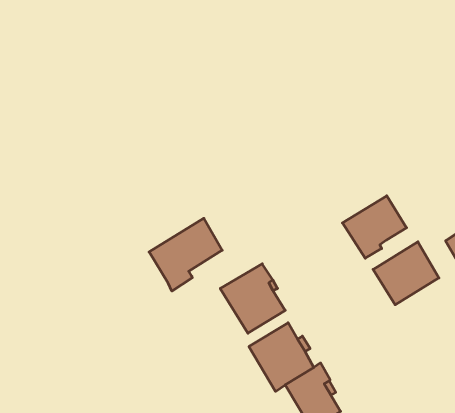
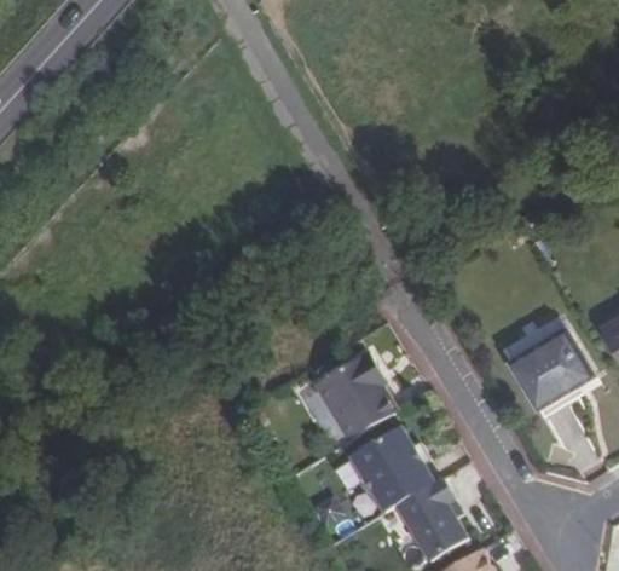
building: [342,196,407,258] -> none
building: [149,218,222,291] -> none

